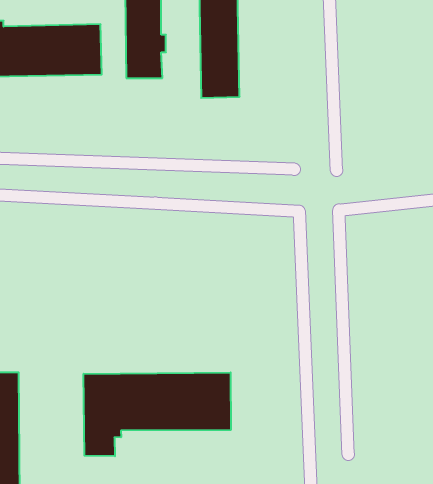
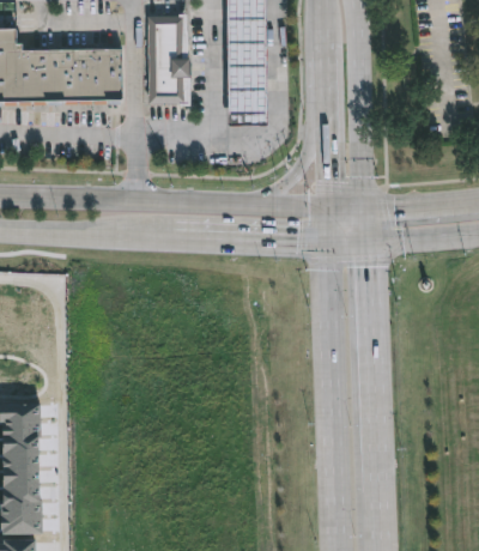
building: [84,372,231,456] -> none

